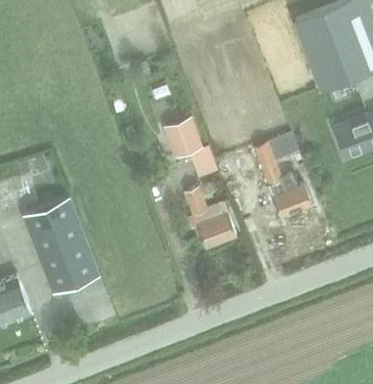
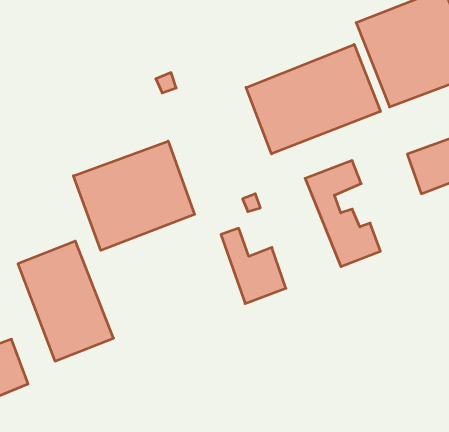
building: none -> [246,44,380,154]
building: none -> [73,141,195,250]
building: [163,119,201,159] -> none

